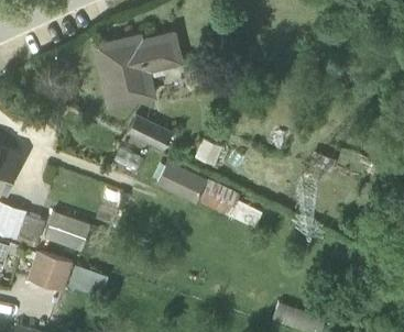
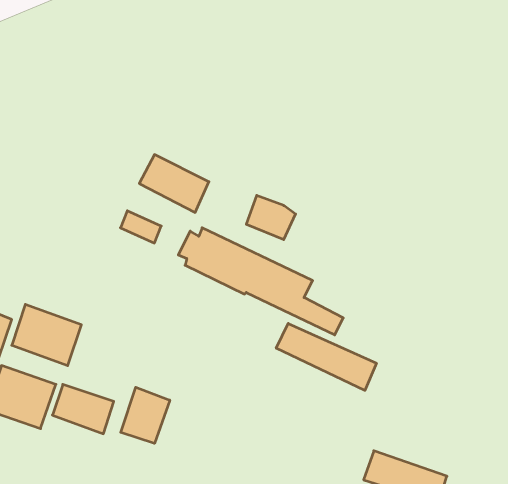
building: [95,33,179,106] -> none
building: none -> [276,323,376,390]
building: none -> [121,387,170,443]

